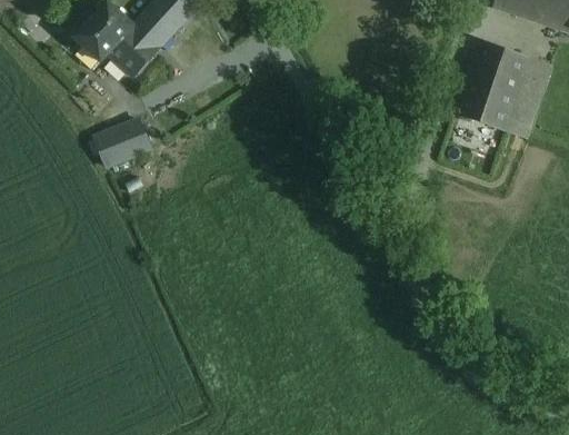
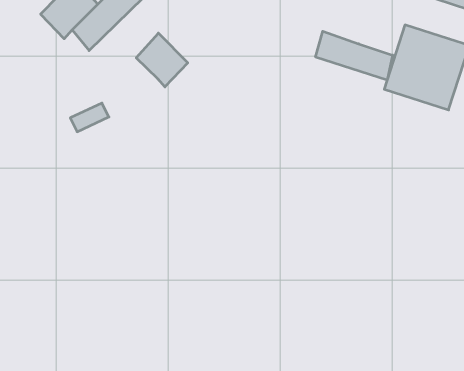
building: none -> [316,31,393,80]
building: none -> [136,33,188,87]

